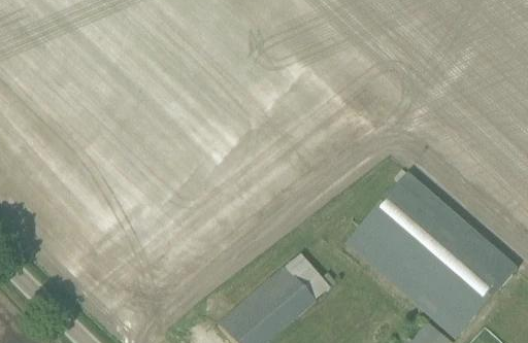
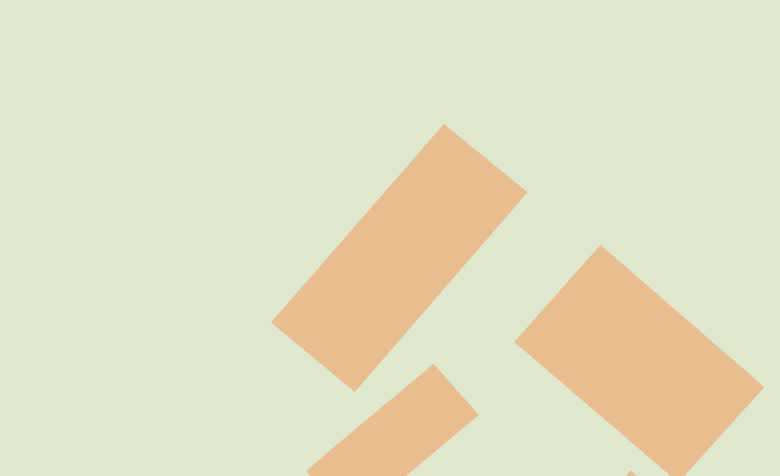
building: none -> [270,123,529,393]

